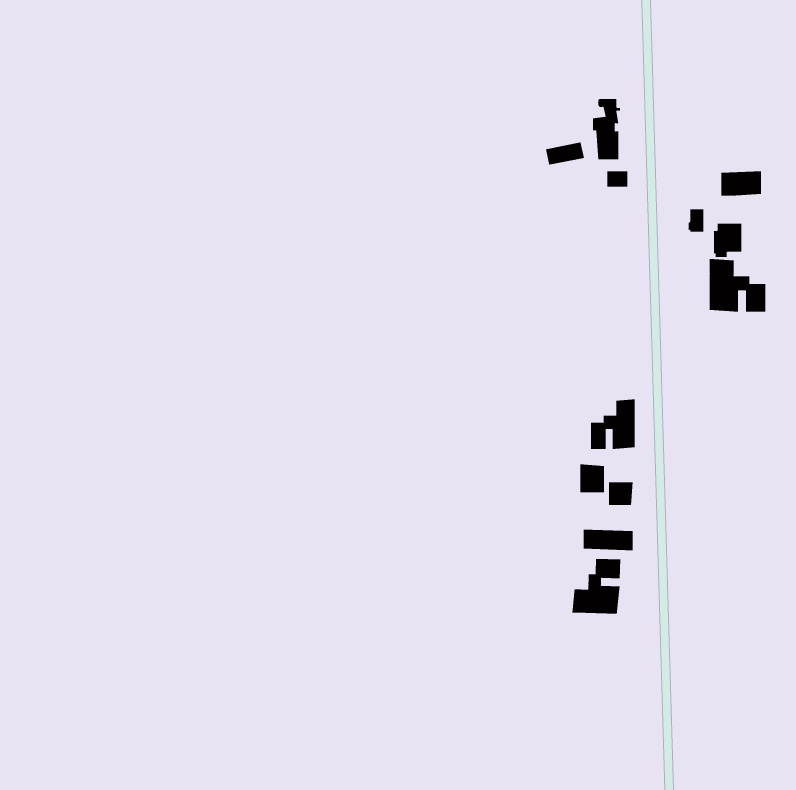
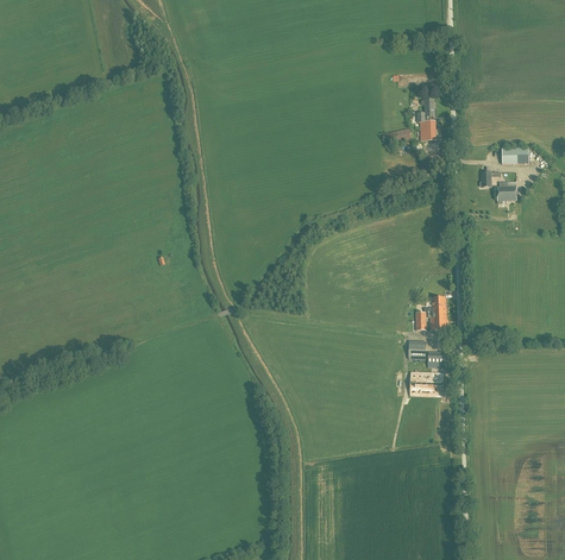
building: [709,258,766,312] -> none
building: [572,558,621,615] -> none

